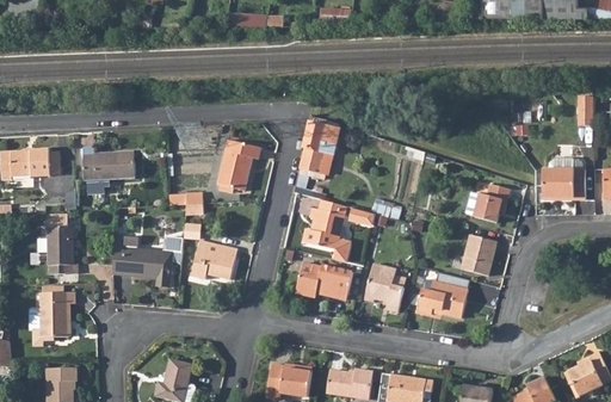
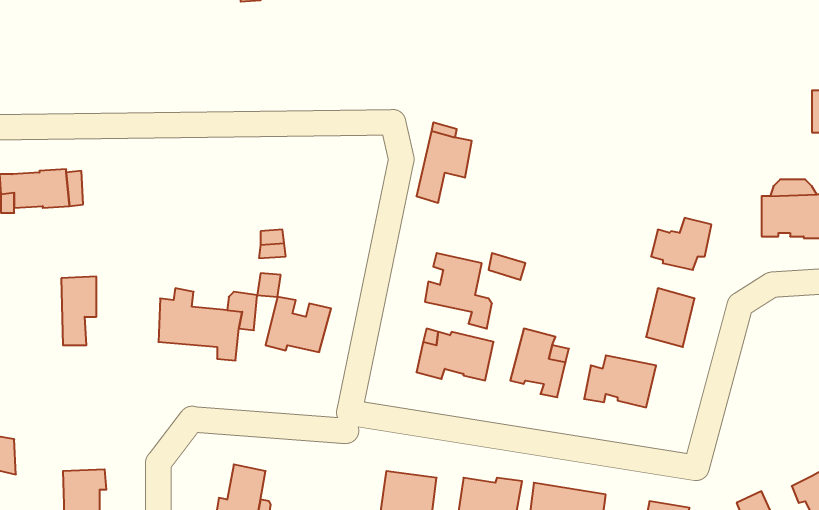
building: [218,138,261,190] -> none
building: [82,147,136,180] -> none
building: [30,284,70,346] -> none

